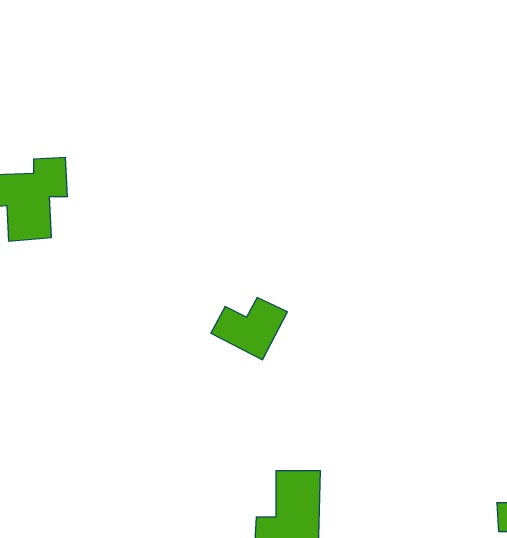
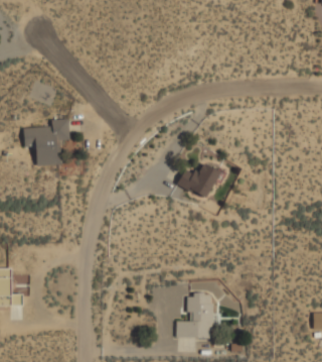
building: [211,297,287,360] -> [177,163,220,199]

